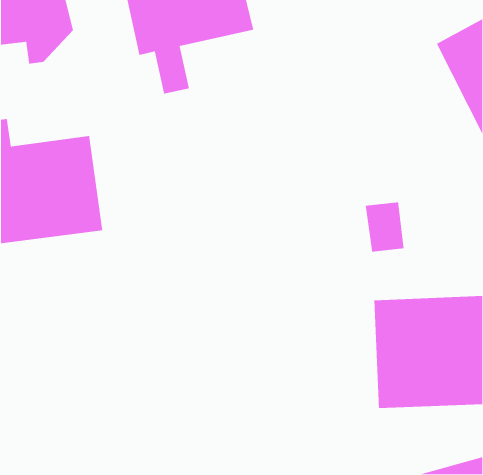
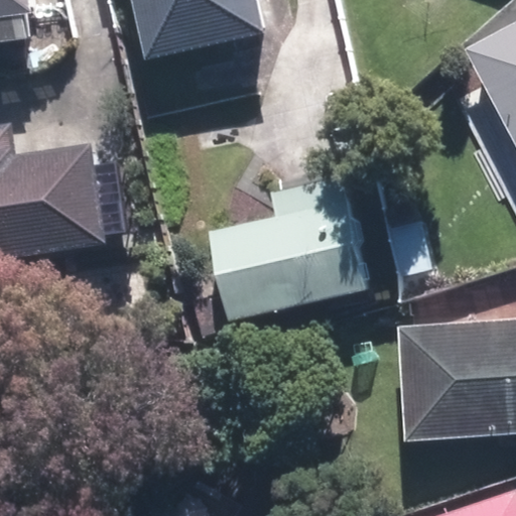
building: none -> [208,168,375,324]

